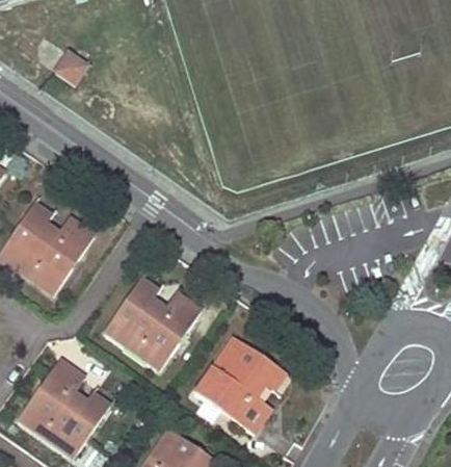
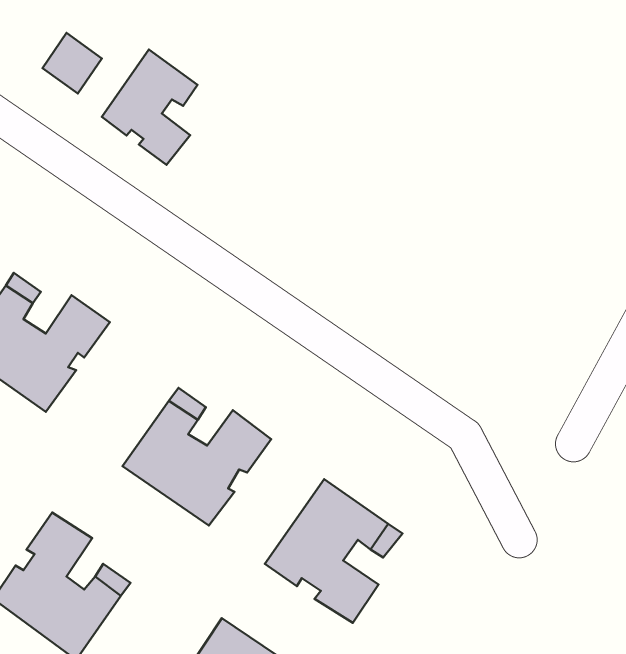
building: none -> [102,49,198,165]

